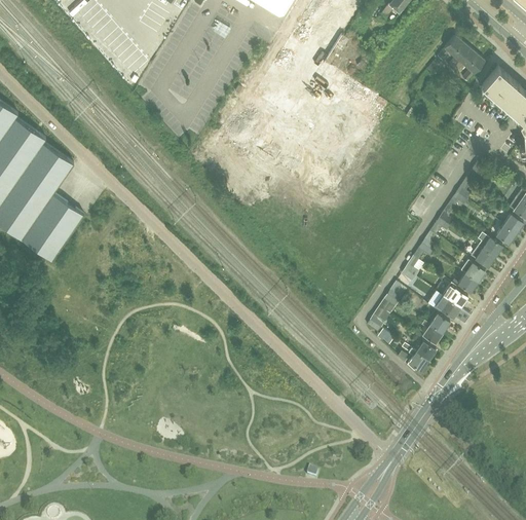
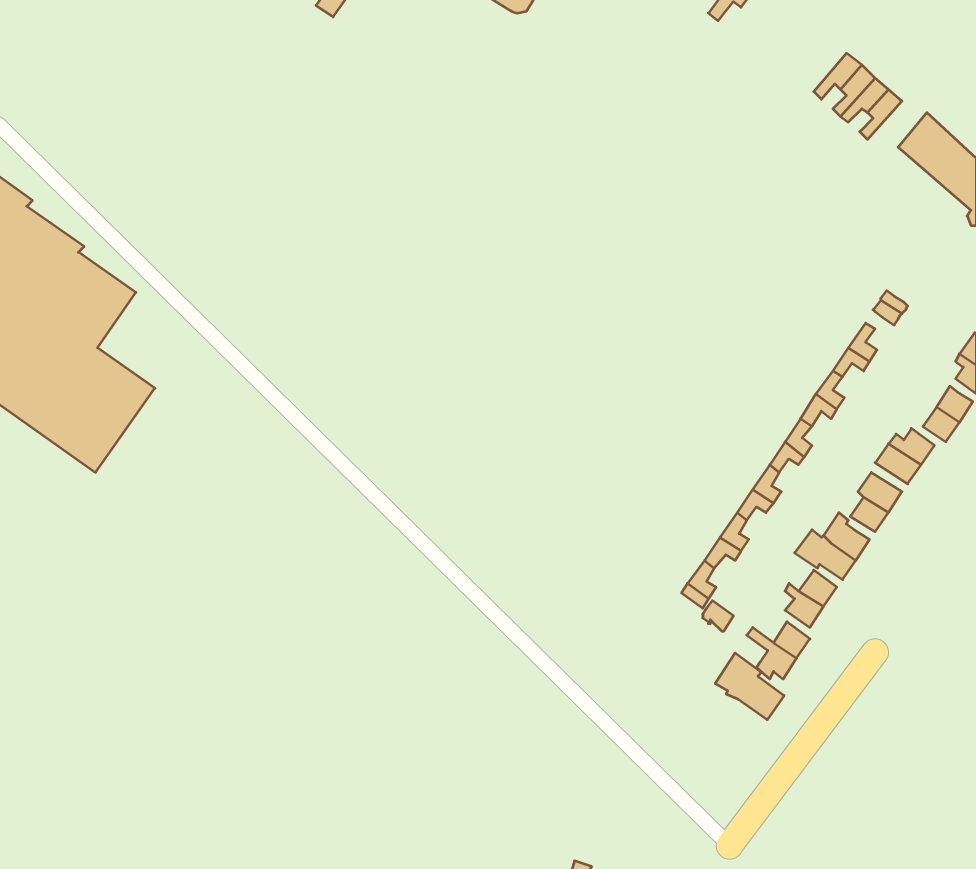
building: none -> [715,653,784,720]

